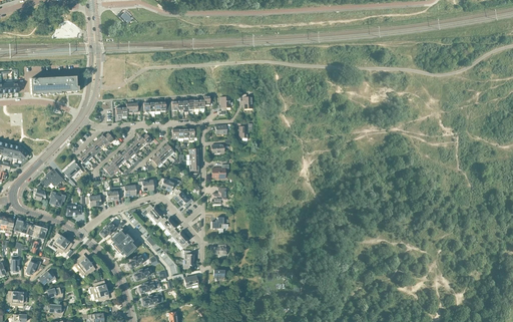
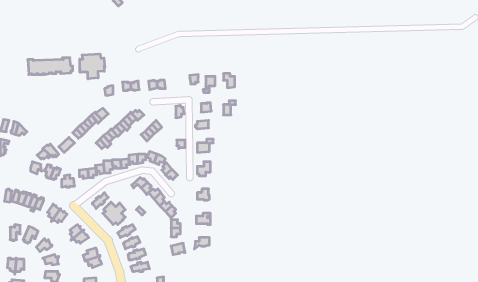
building: none -> [80,54,105,79]

